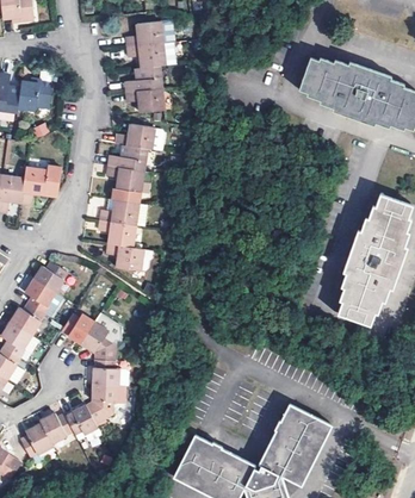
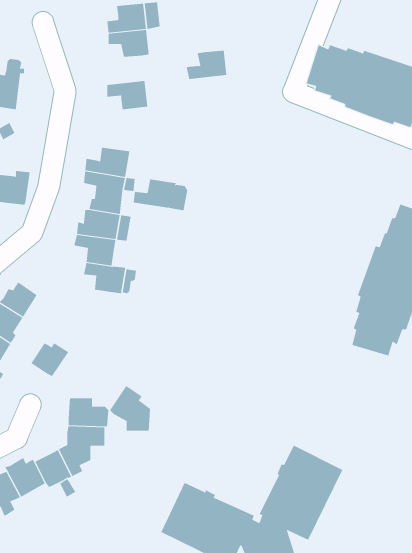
building: [124,67,160,92] -> [186,50,227,79]
building: [116,124,163,151] -> [133,179,188,211]
building: [80,322,116,361] -> [109,385,151,431]

